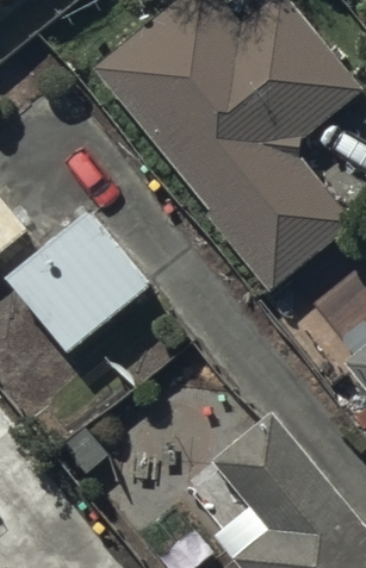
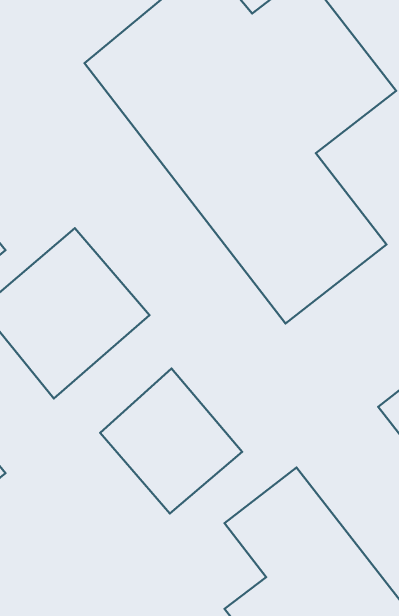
building: none -> [100,368,242,514]

